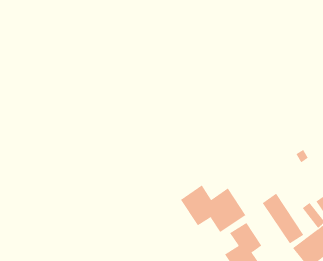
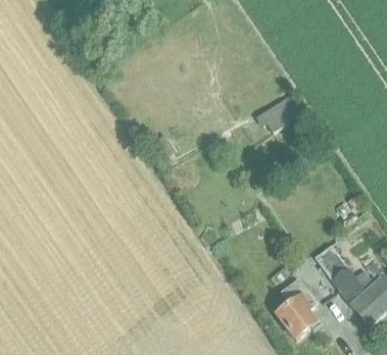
building: none -> [260,93,301,130]
building: [180,185,246,233] -> none

